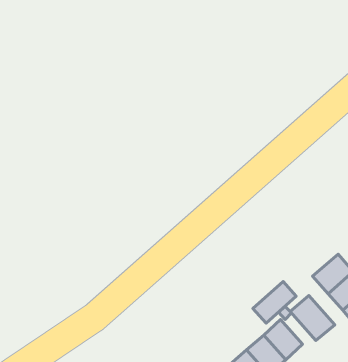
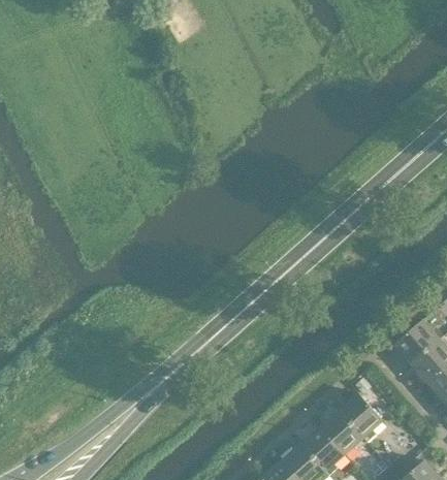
building: [253,282,296,323] -> none
building: [290,296,335,341] -> none

